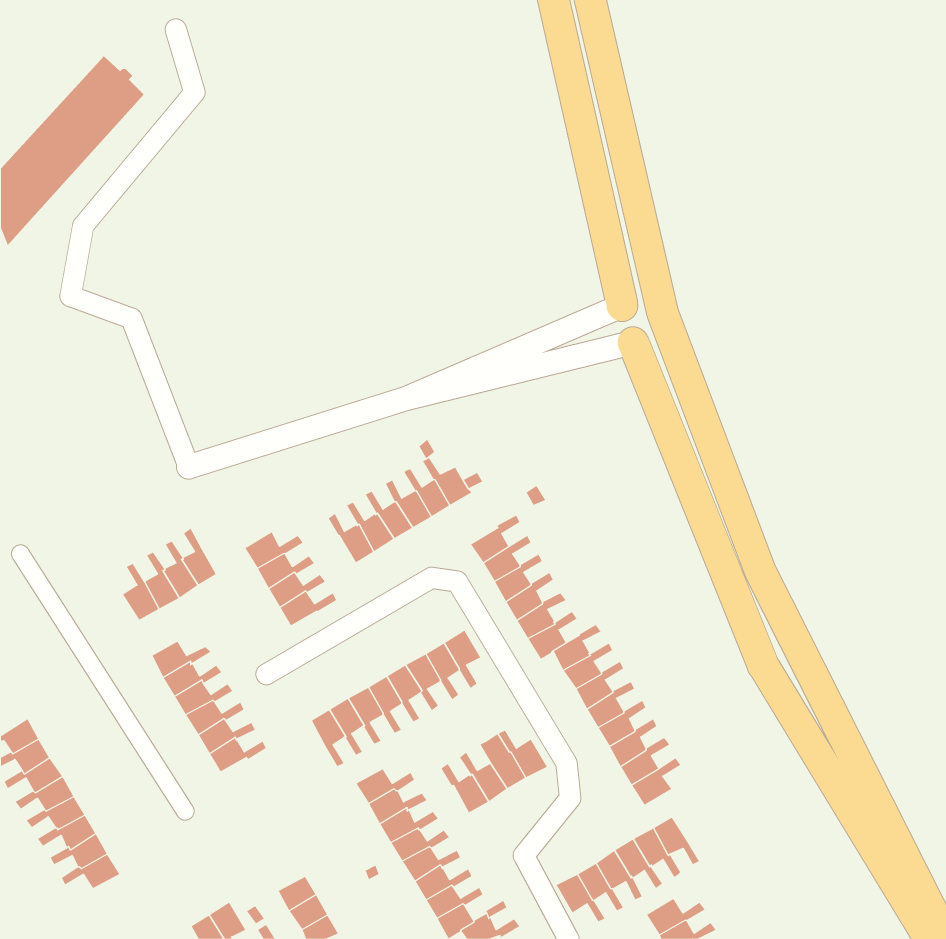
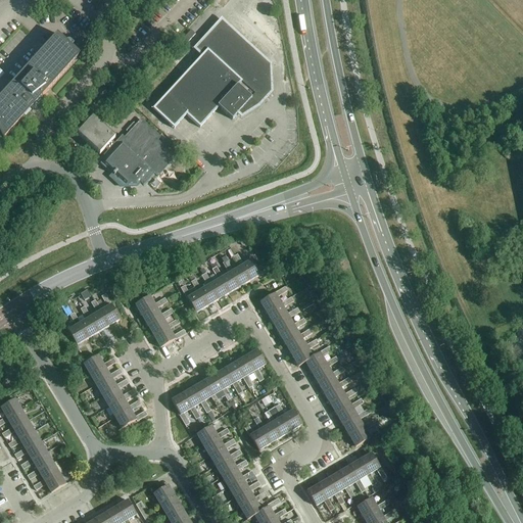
building: none -> [152,18,271,126]
building: none -> [78,114,175,184]

